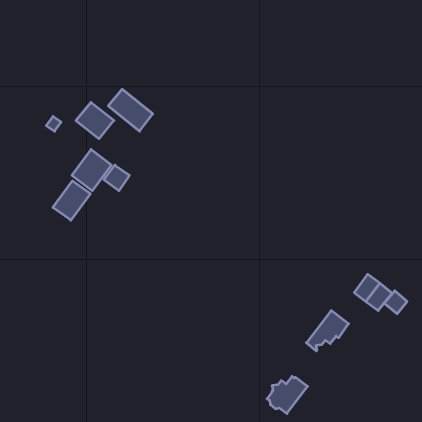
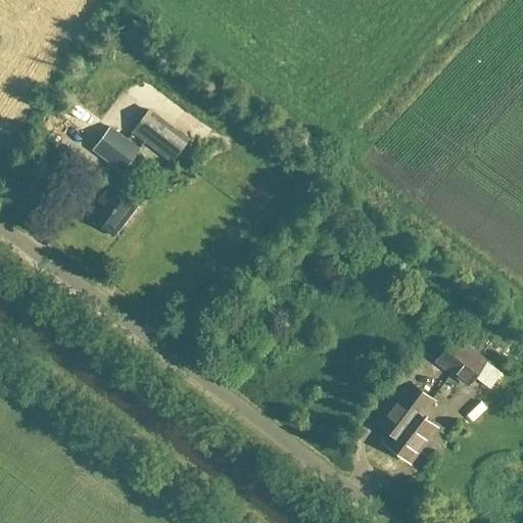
building: [104,165,129,191] -> none
building: [53,181,90,220] -> none
building: [267,376,308,414] -> [385,416,435,462]

